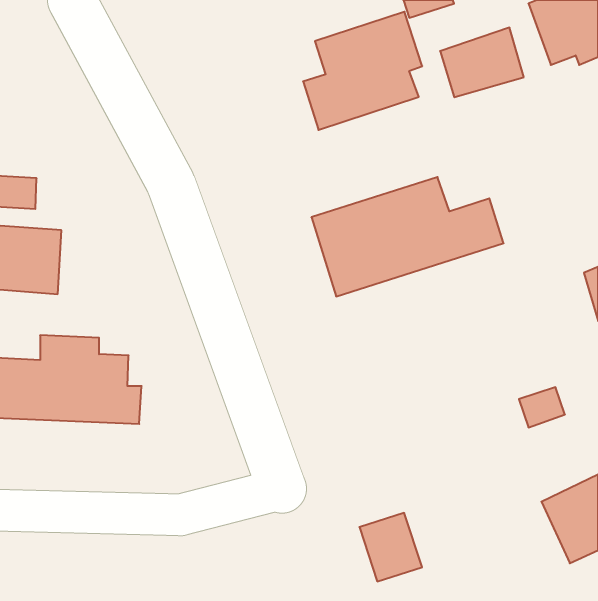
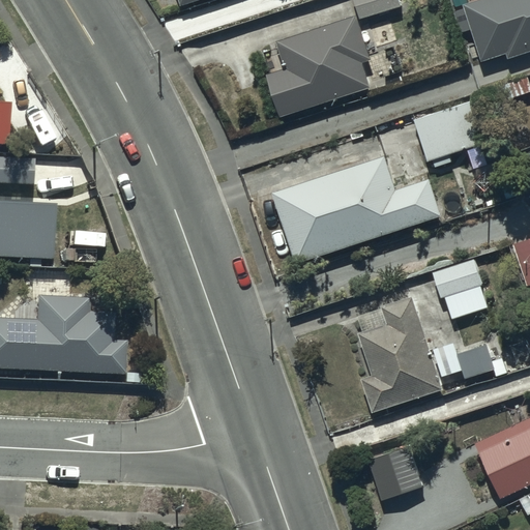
building: [440,28,524,97] -> [414,99,488,160]
building: none -> [430,256,493,321]
building: none -> [357,297,443,410]
building: [359,513,422,581] -> [365,440,420,500]

